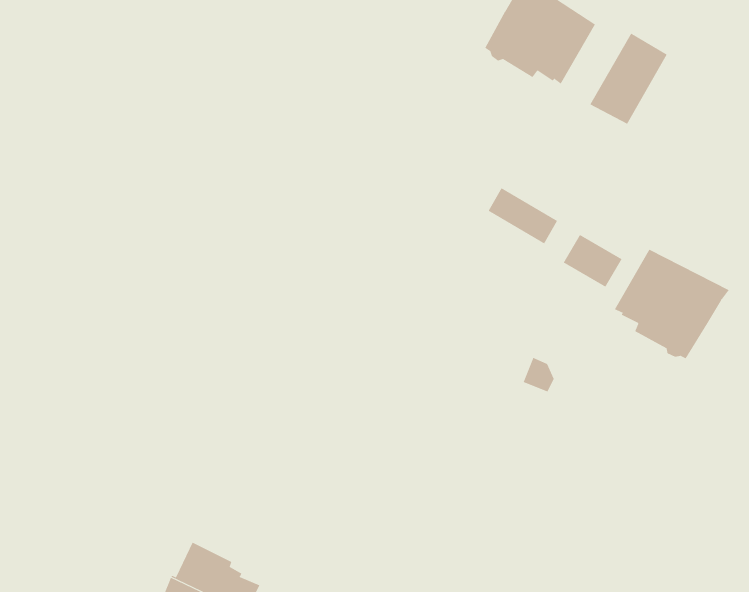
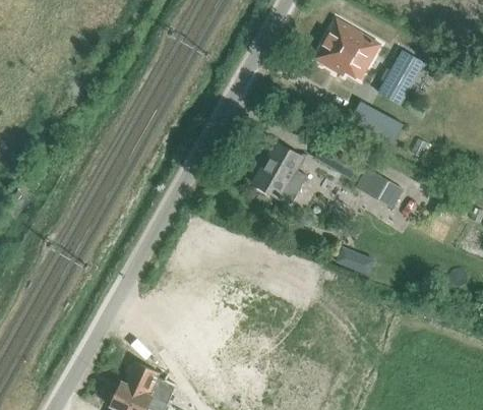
building: none -> [350,101,405,145]
building: none -> [252,143,306,203]
building: [614,249,729,359] -> none

